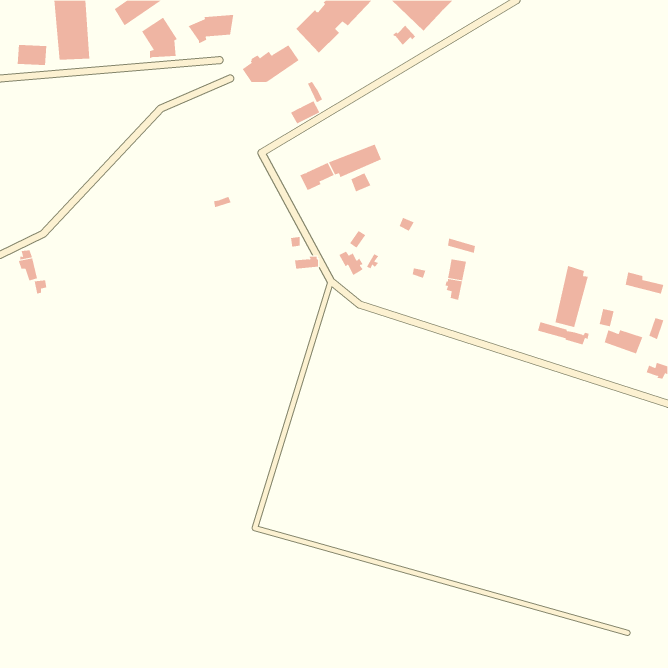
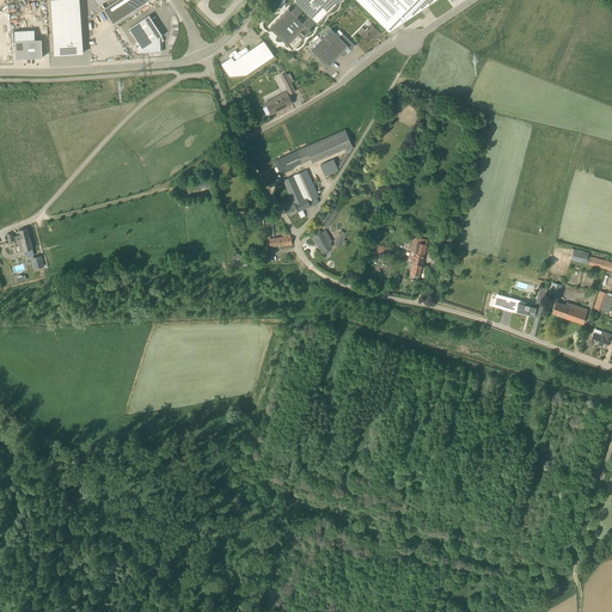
building: [188,14,234,44] -> none
building: none -> [311,29,355,67]
building: none -> [283,170,319,215]
building: [555,265,588,328] -> none

